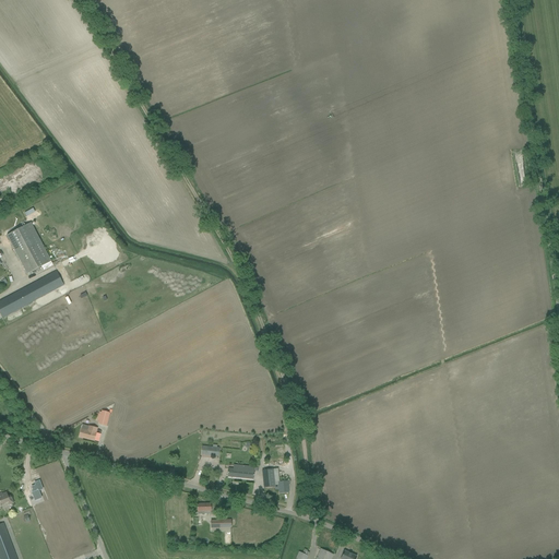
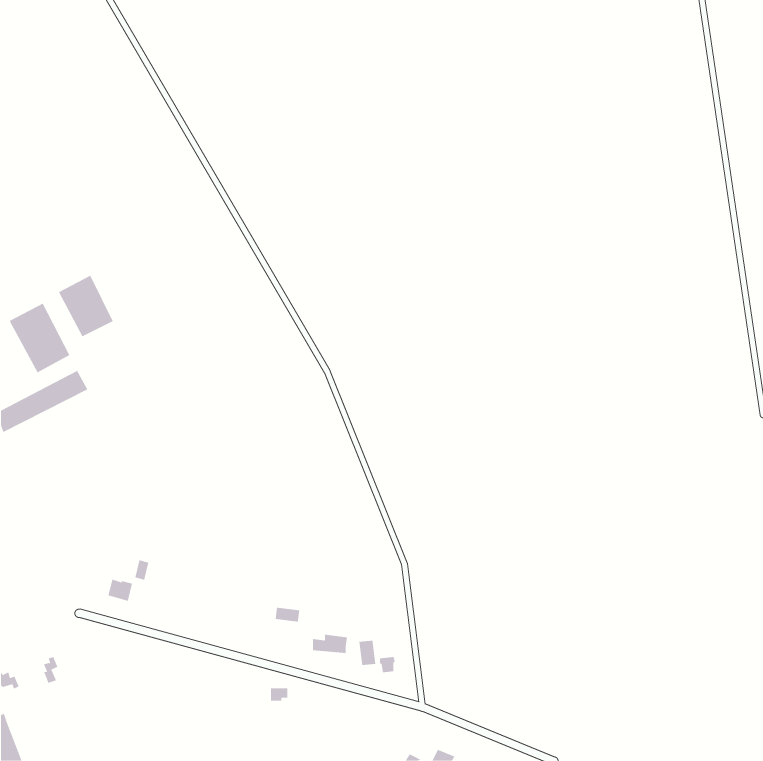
building: none -> [58,275,114,337]

